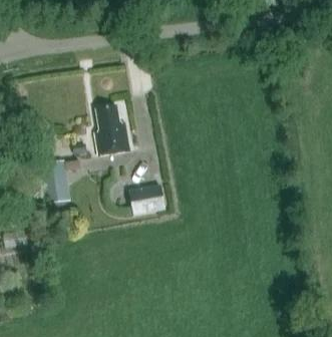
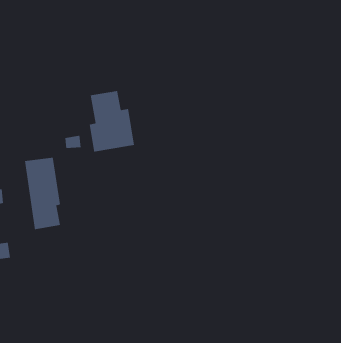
building: [130,184,165,214] -> none

